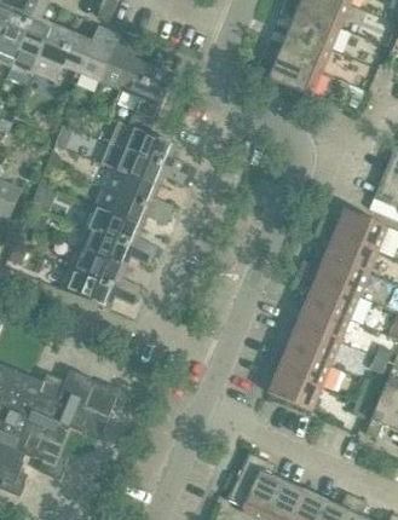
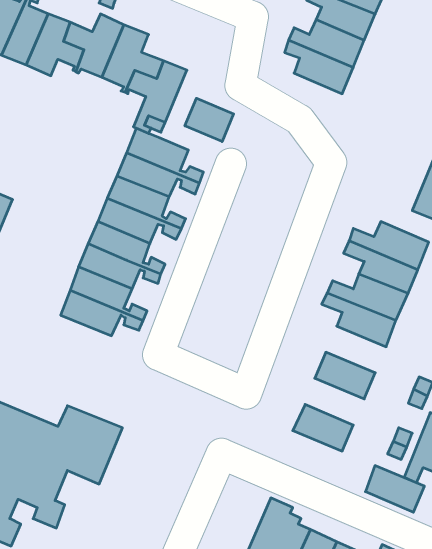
building: none -> [185,98,234,142]
building: [296,300,350,341] -> none
building: [278,346,330,387] -> [365,466,424,512]

